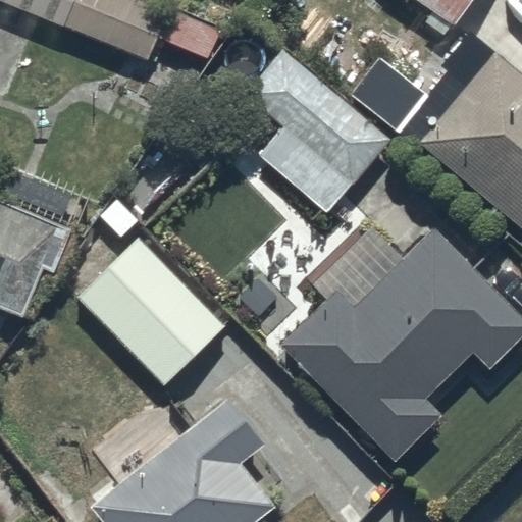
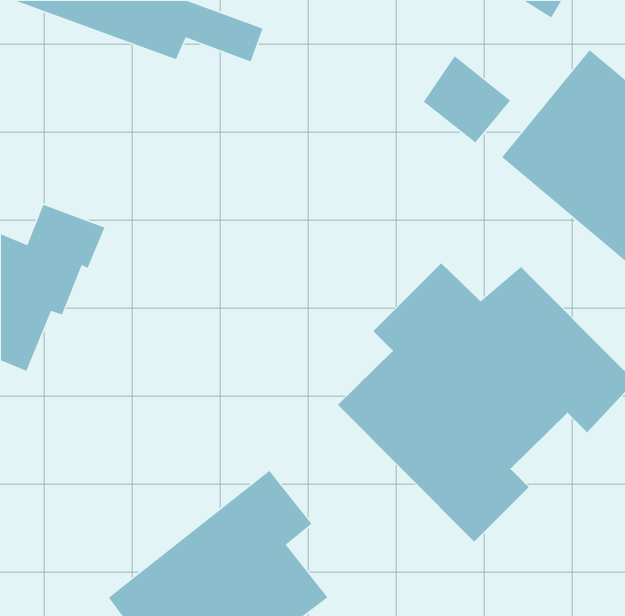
building: [243,52,388,211] -> none
building: [77,239,224,385] -> none

